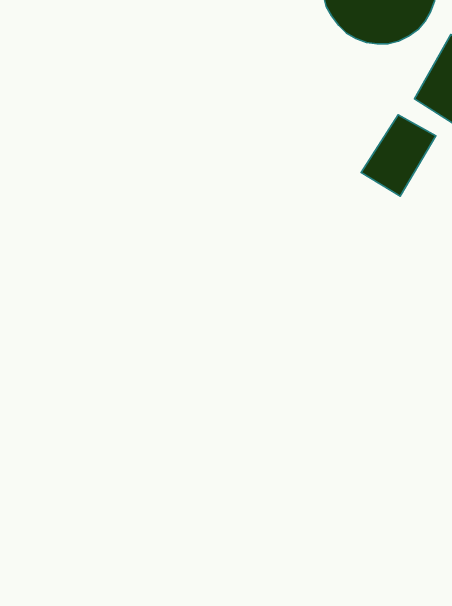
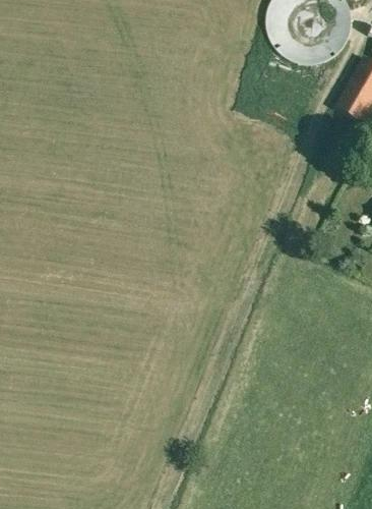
building: [361,115,436,196] -> none

